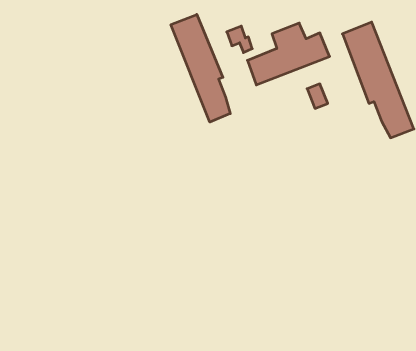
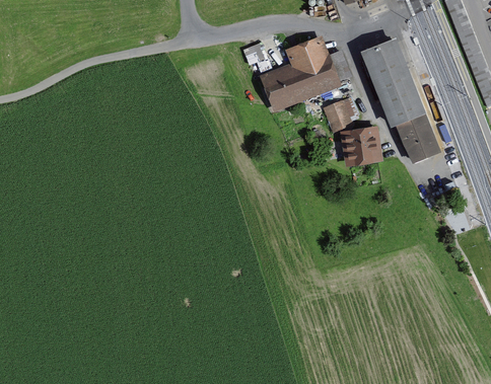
building: [171,14,230,122] -> none
building: none -> [345,127,376,161]

